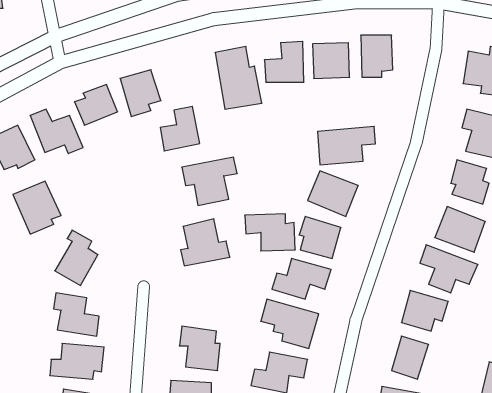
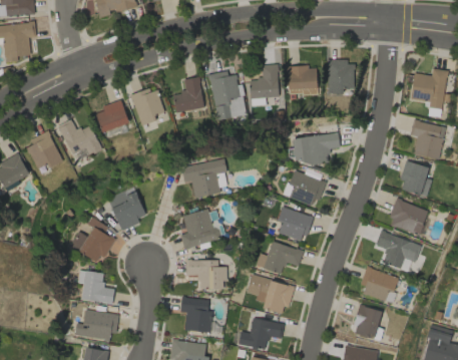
building: [160,106,200,151] -> [173,76,205,112]
building: [13,181,61,234] -> [108,187,147,230]
building: [245,214,295,251] -> [186,259,227,289]

